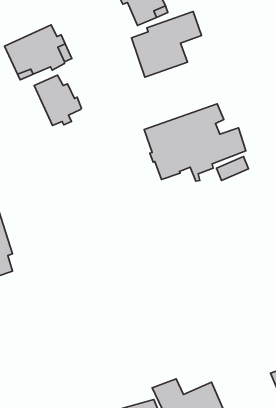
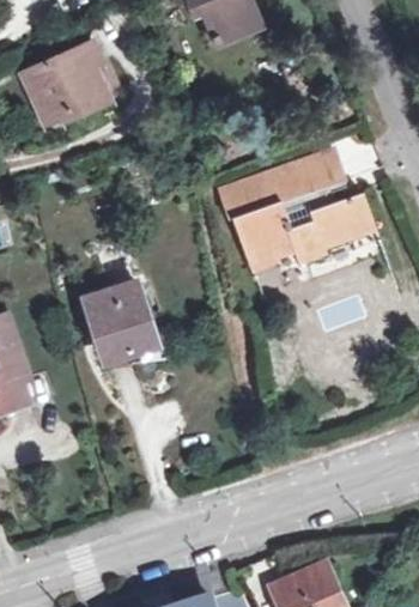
building: [131,11,201,77] -> none
building: [34,75,81,126] -> none
building: none -> [85,284,157,363]

